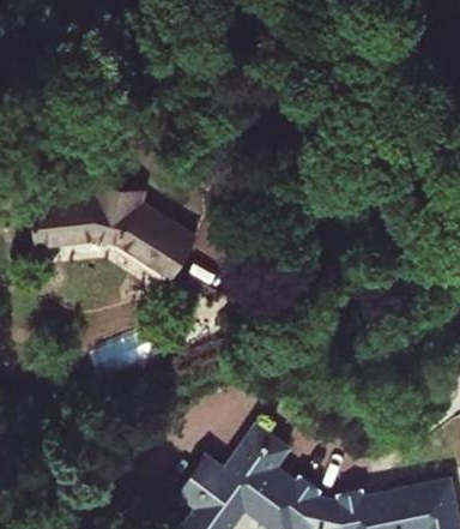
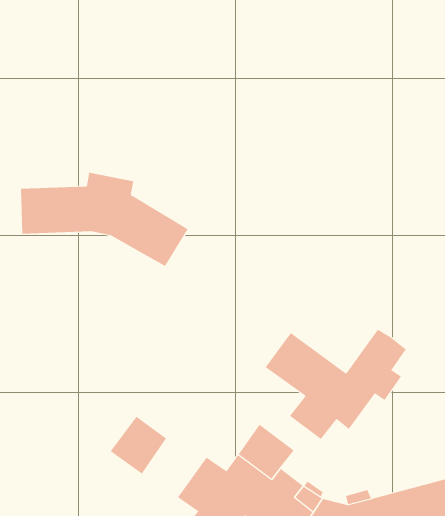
building: none -> [265,329,406,440]
building: none -> [110,416,167,474]

